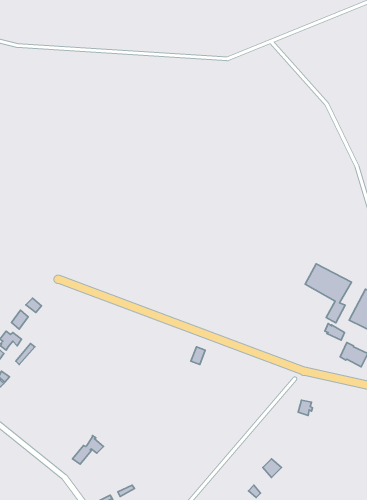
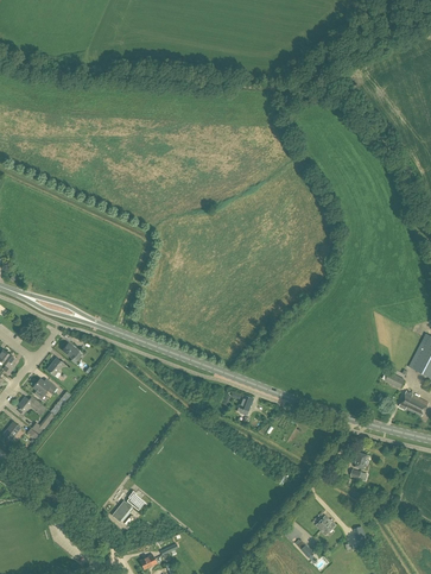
building: [305,264,352,323] -> none

